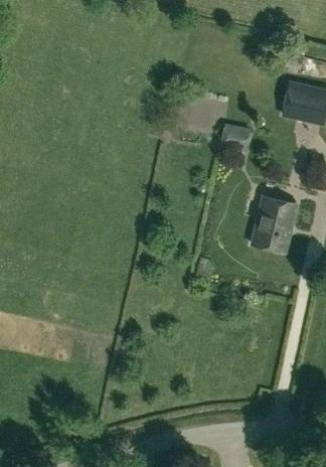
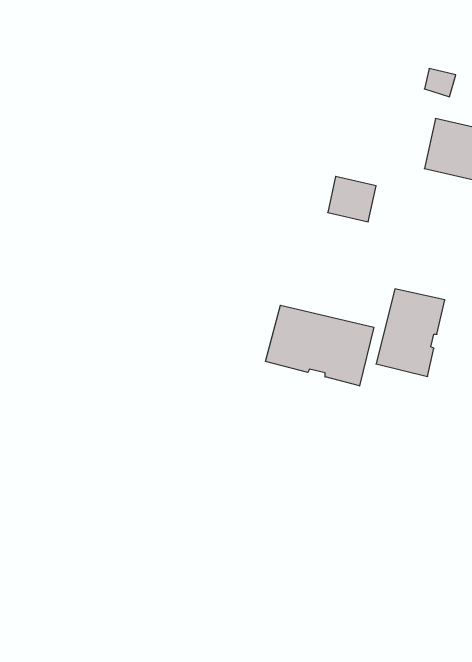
building: none -> [265,305,374,386]

